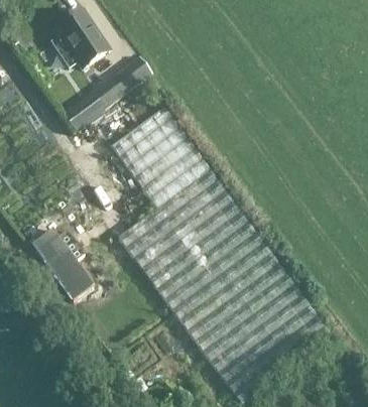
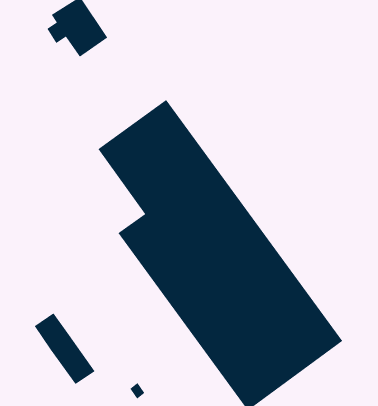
building: [64,56,150,129] -> none
building: [34,229,93,297] -> [34,312,95,385]

